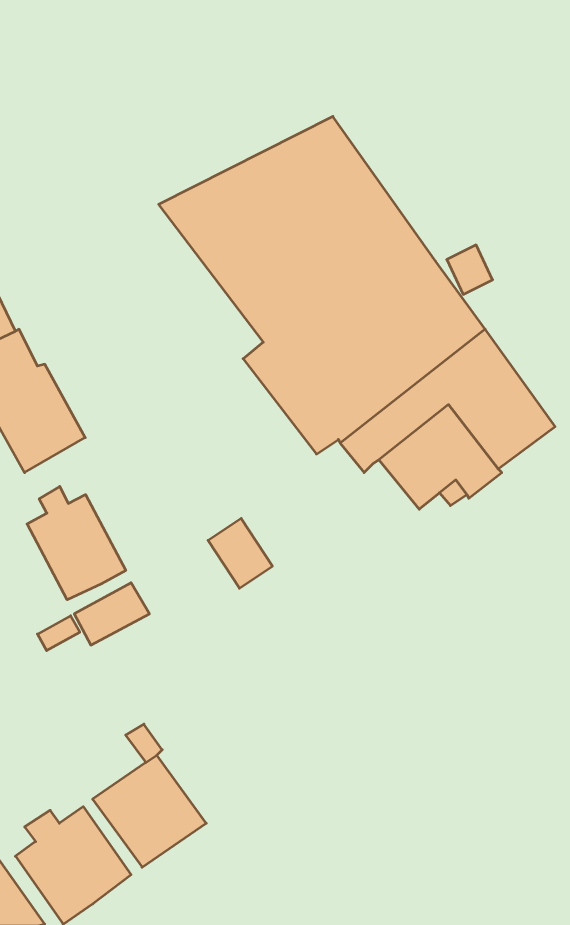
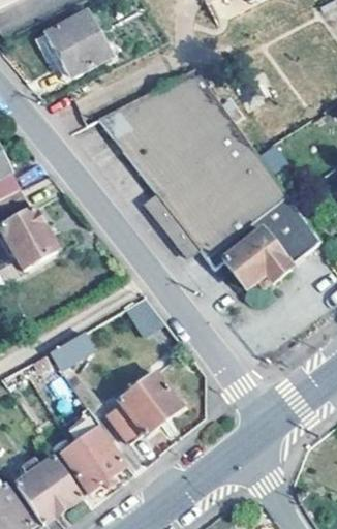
building: none -> [47,10,110,77]
building: [27,486,126,600] -> none
building: none -> [103,370,182,443]

